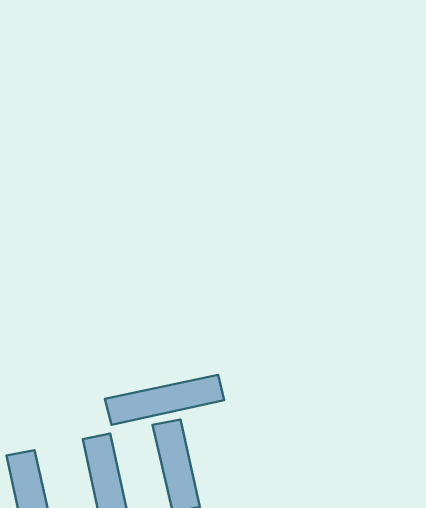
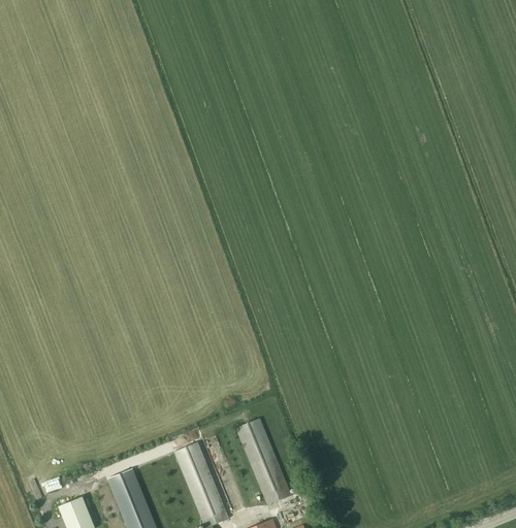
building: [105,375,224,425] -> none

